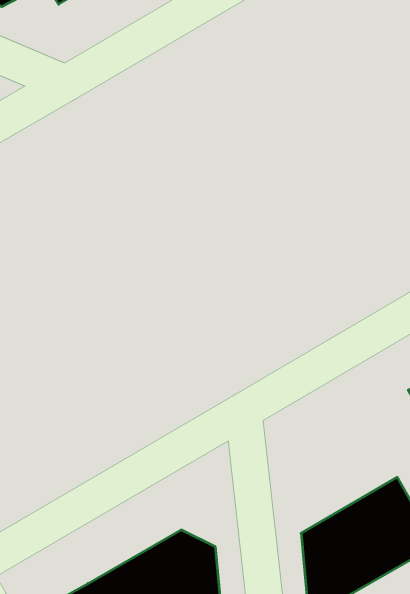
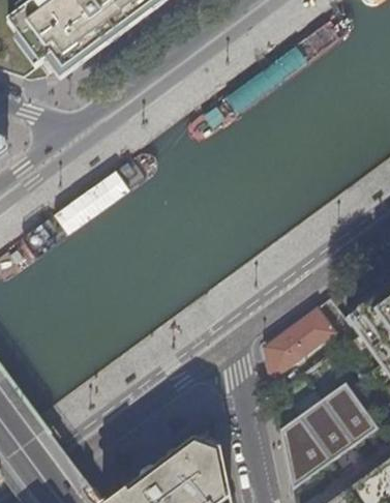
building: none -> [267,305,339,378]

